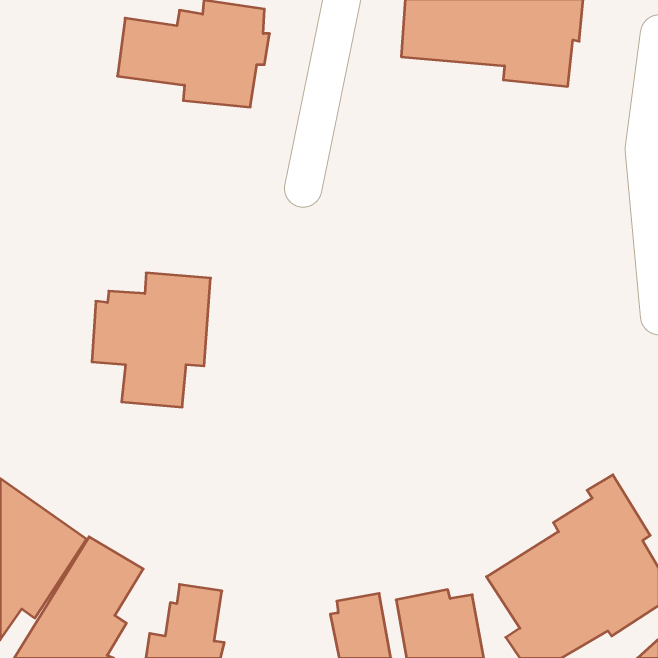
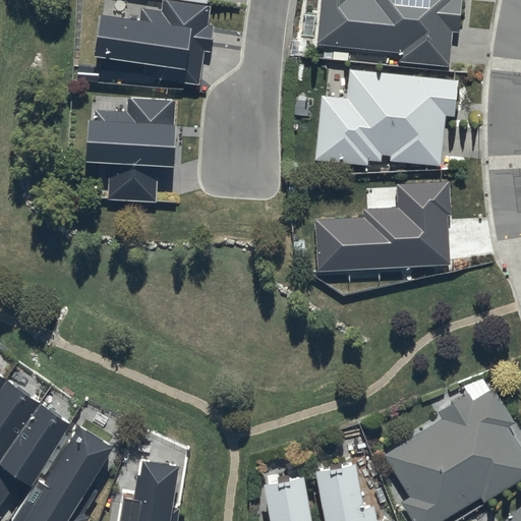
building: none -> [314,70,457,167]
building: none -> [317,180,453,269]
building: [92,273,211,407] -> [84,96,178,201]

